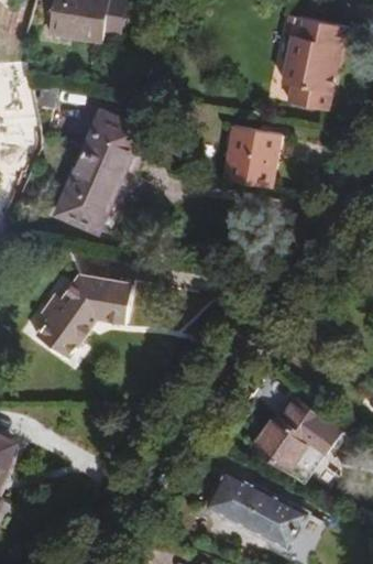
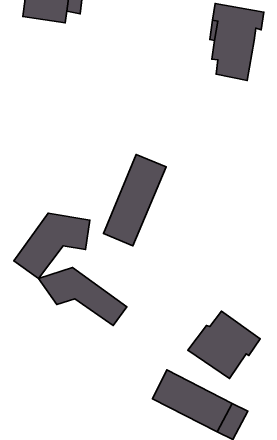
building: [59,113,138,227] -> [104,155,166,246]
building: [223,128,279,188] -> none
building: none -> [39,268,127,326]

